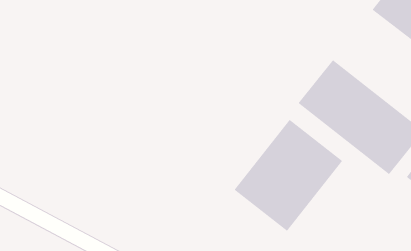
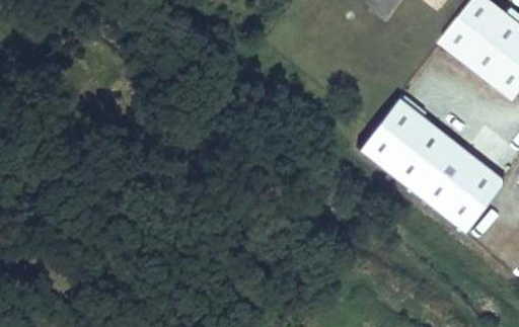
building: [234,119,343,232] -> none

